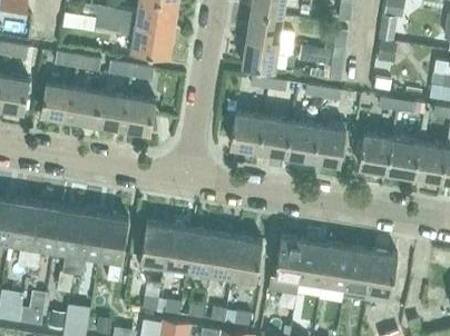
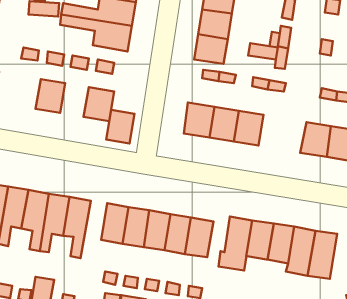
building: [41,82,75,119] -> none
building: [96,91,127,128] -> [106,110,135,144]
building: [312,126,345,165] -> none

